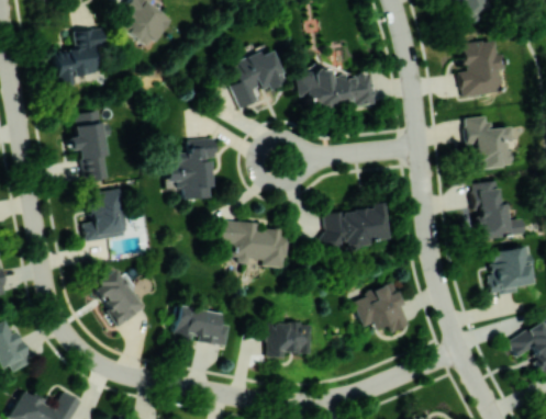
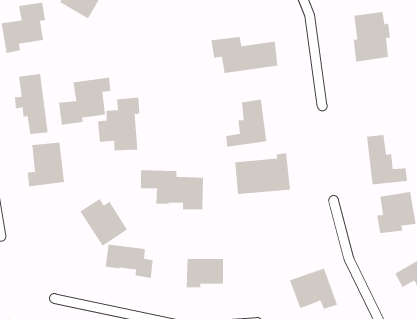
building: [225,48,283,106] -> none
building: none -> [58,77,111,125]
building: [465,115,510,167] -> none
building: none -> [226,99,267,147]
building: [91,270,147,326] -> [79,198,128,247]
building: [353,283,409,331] -> [289,268,338,310]

